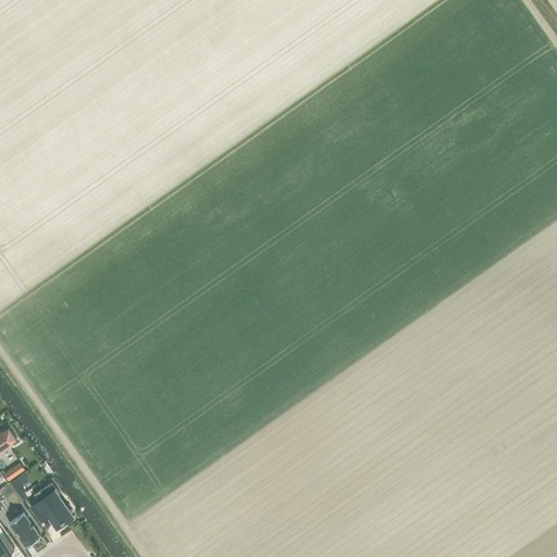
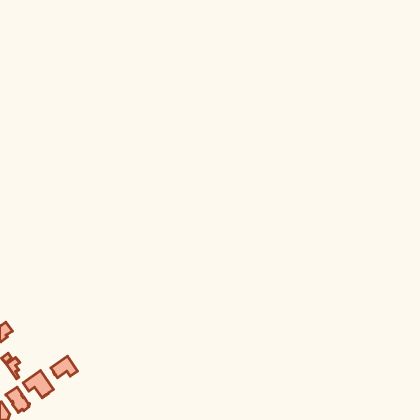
building: none -> [51,356,78,378]

